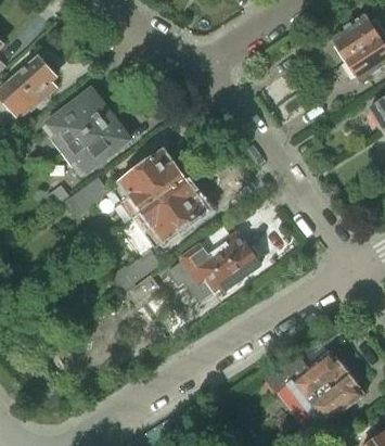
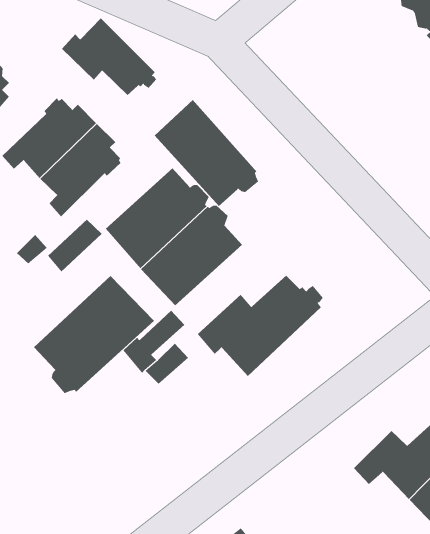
building: none -> [61,18,157,96]
building: none -> [154,99,259,207]
building: none -> [33,275,155,394]

